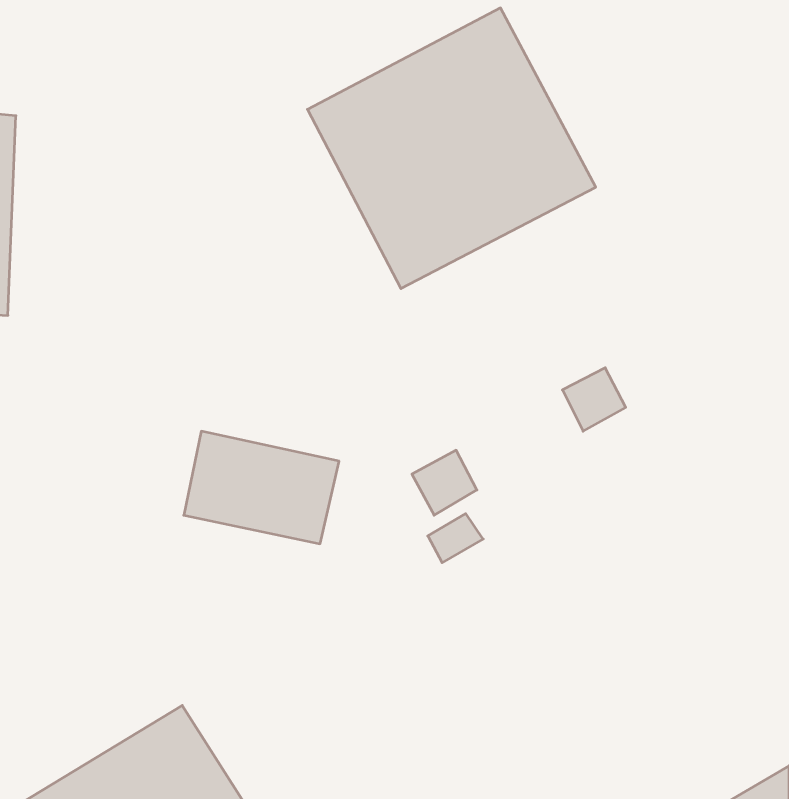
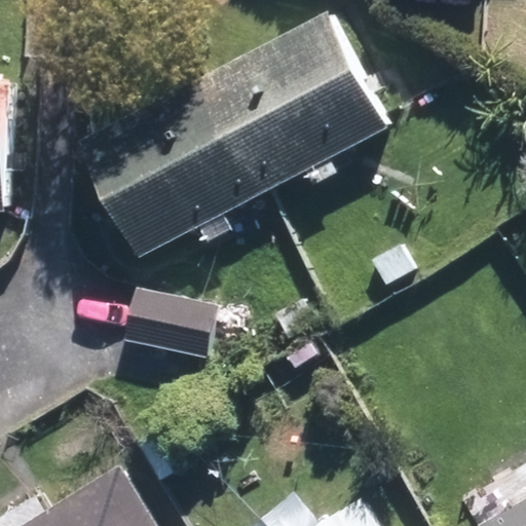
building: none -> [78,78,260,258]

